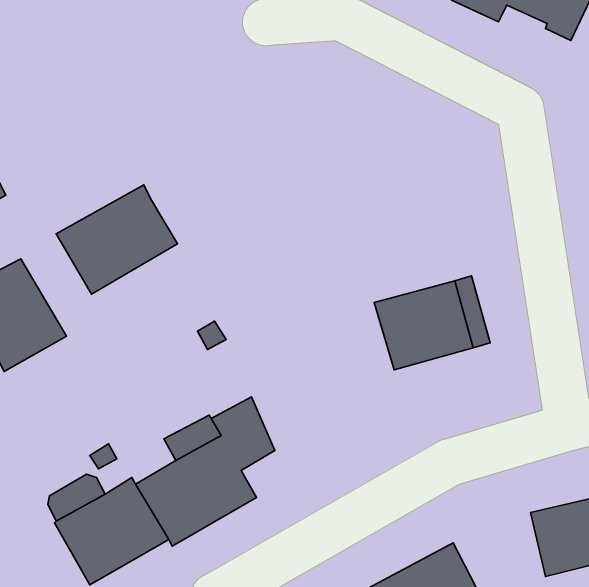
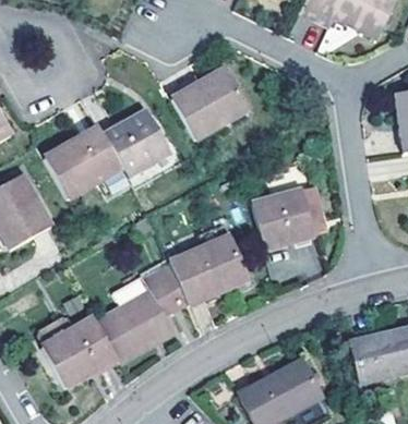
building: none -> [172,68,250,140]
building: none -> [106,111,178,189]
building: none -> [170,235,249,304]

